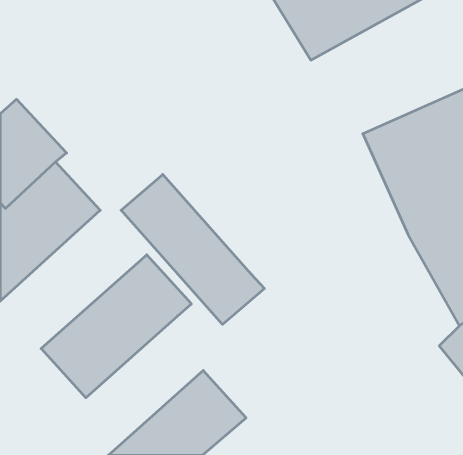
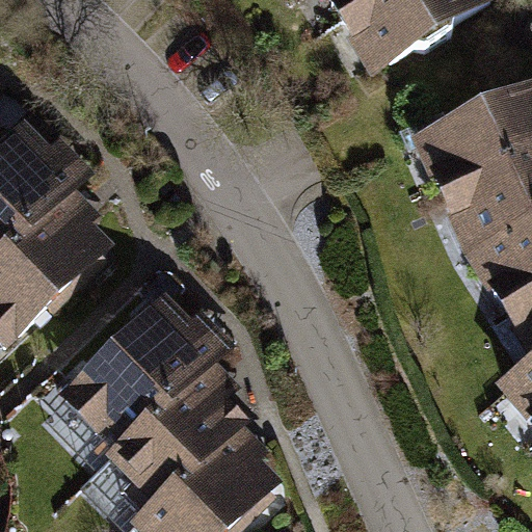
building: [121,174,264,324] -> none
building: none -> [101,361,249,504]

